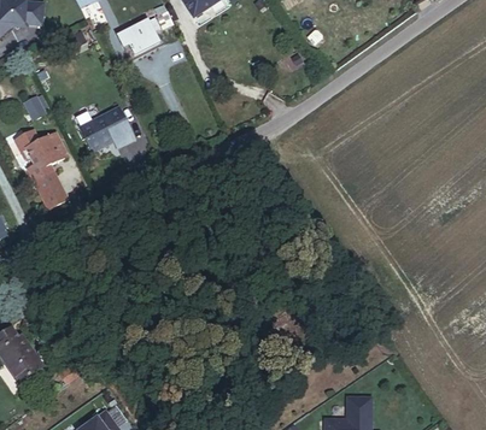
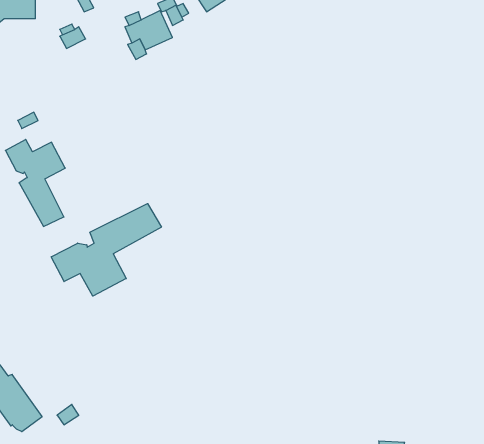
building: [80,107,134,152] -> none
building: none -> [51,204,161,296]

